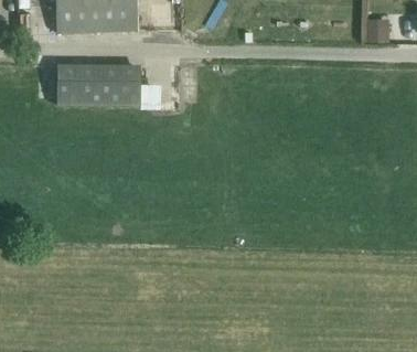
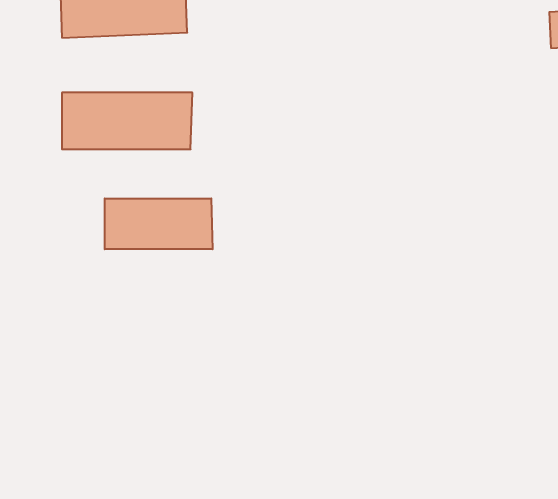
building: none -> [105,198,213,249]

